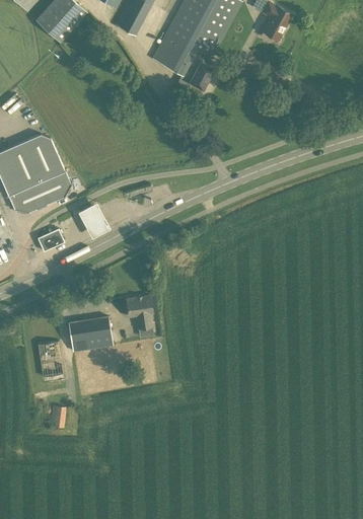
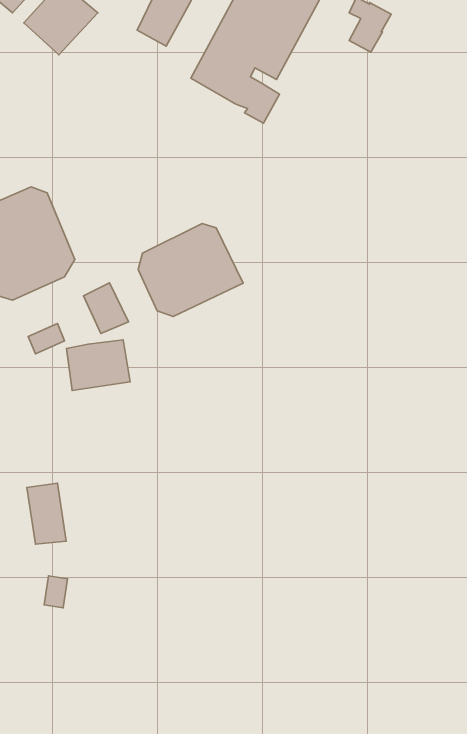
building: none -> [138,223,243,317]
building: [127,296,153,329] -> none
building: [69,316,114,352] -> [66,340,130,391]

